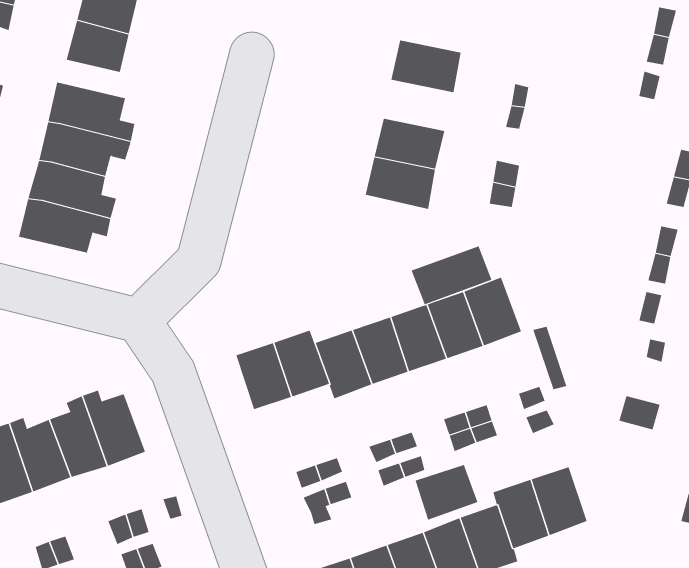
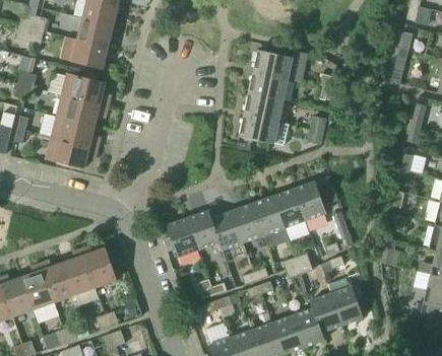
building: none -> [249,72,289,100]
building: [411,245,492,305] -> none
building: [415,464,478,521] -> none

